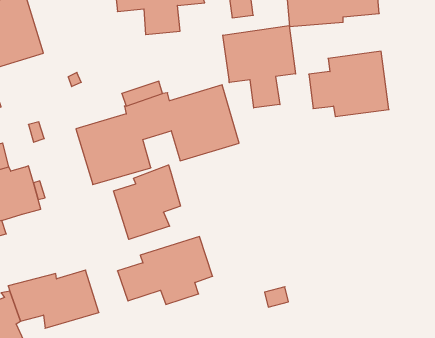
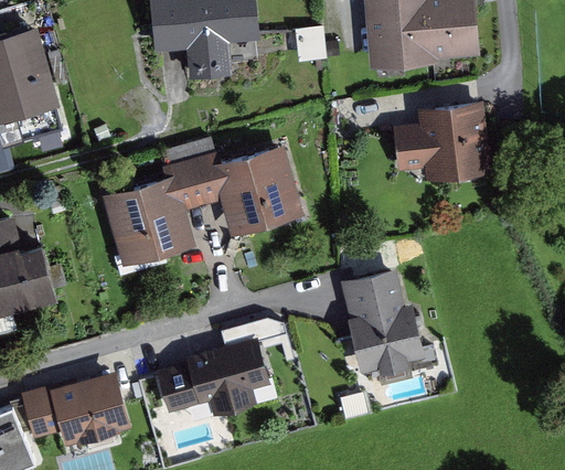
building: [223,25,296,108] -> none
building: [114,165,180,239] -> none
building: none -> [339,269,426,376]

